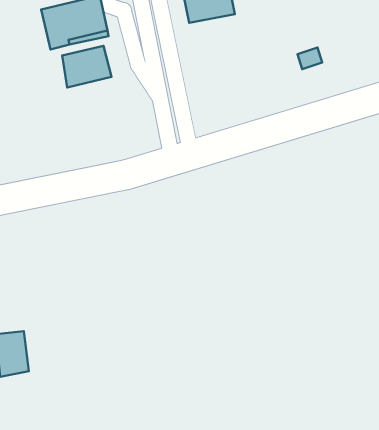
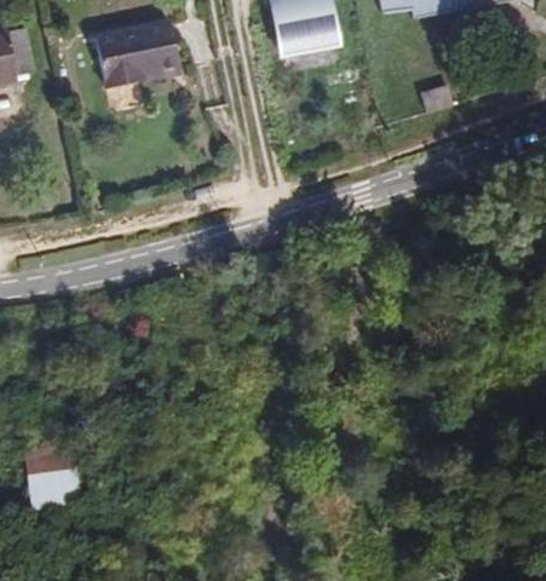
building: [62,46,111,88] -> none

